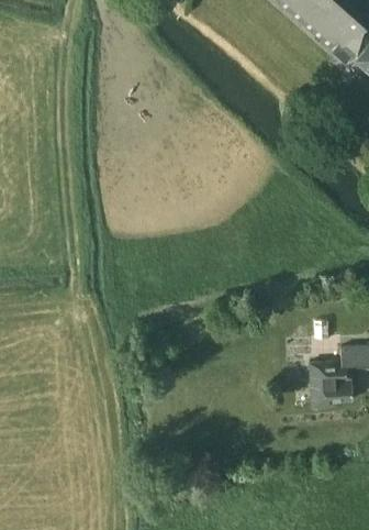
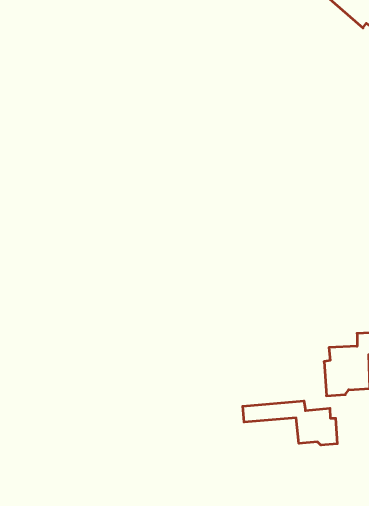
building: none -> [243,401,337,445]

